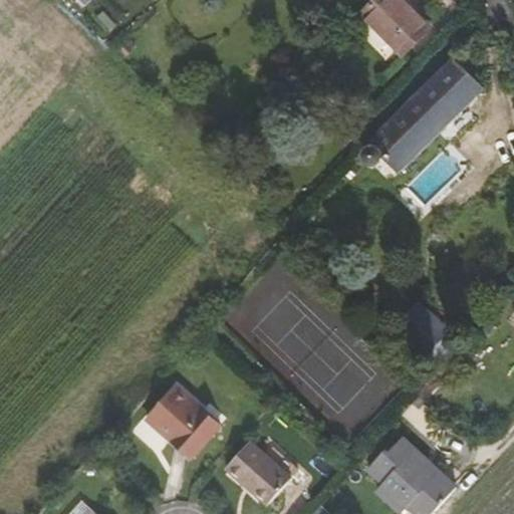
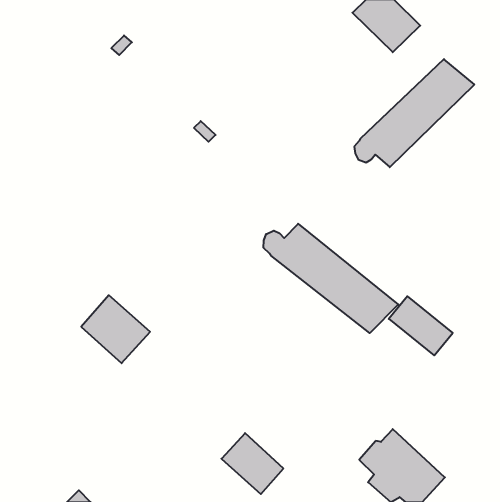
building: none -> [264,224,398,333]
building: [148,388,218,457] -> [81,295,150,363]

